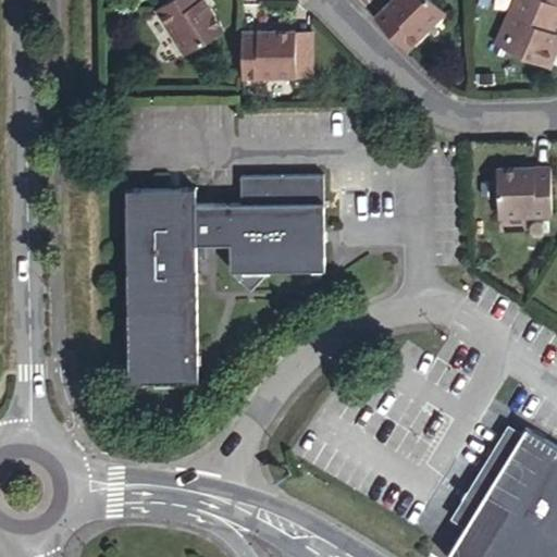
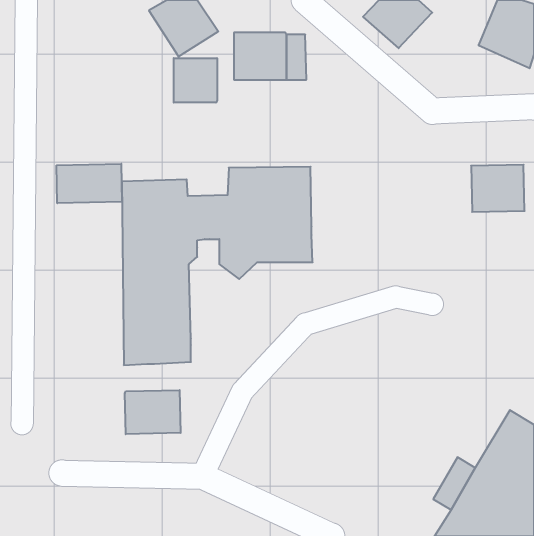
building: none -> [174,58,217,103]
building: none -> [57,164,122,203]
building: none -> [125,390,181,434]

